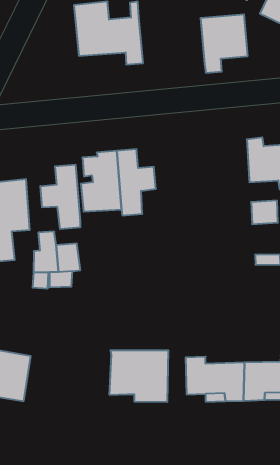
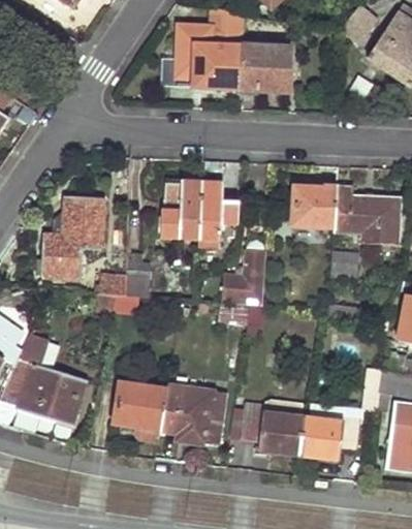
building: [200,14,248,73] -> [241,44,288,102]
building: none -> [291,184,337,226]
building: [40,165,80,229] -> none
building: none -> [222,249,266,307]
building: none -> [115,381,167,439]

